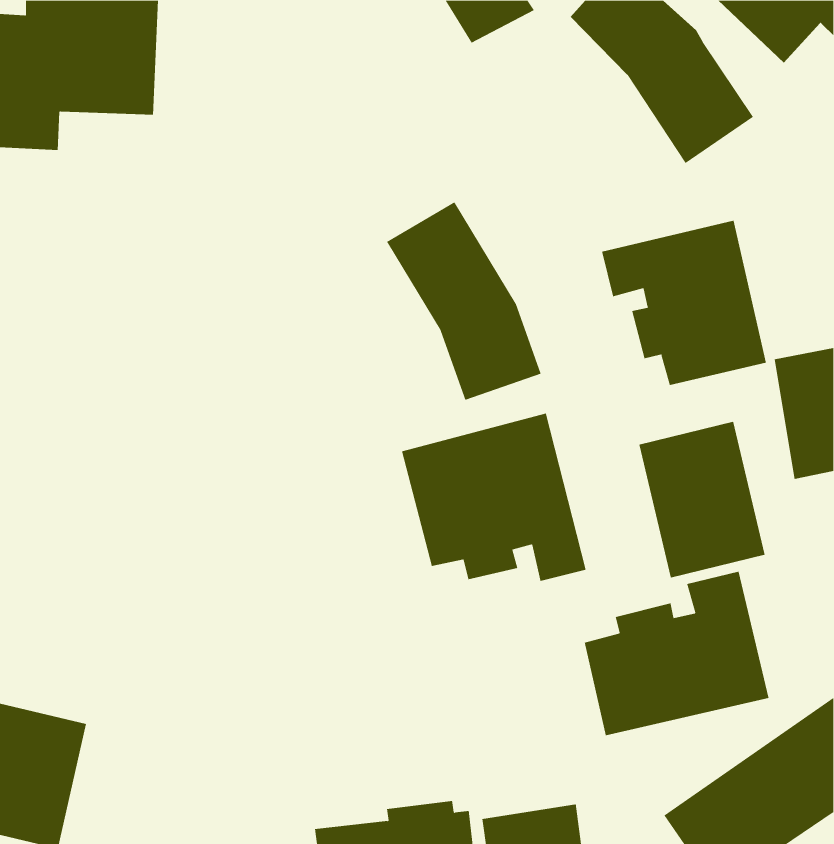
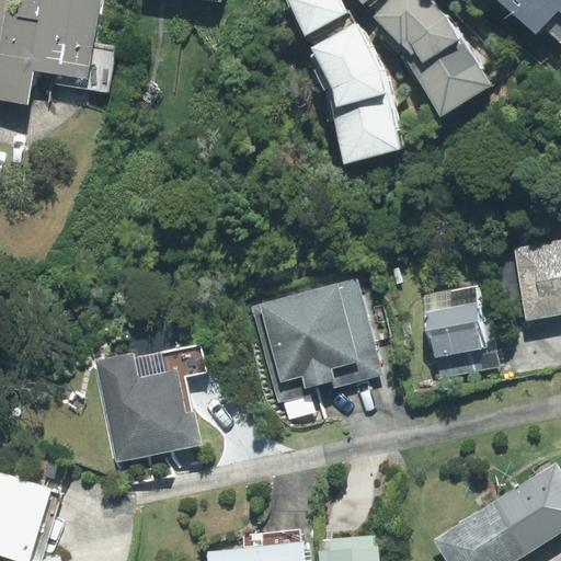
building: [386,202,542,401] -> [301,36,403,167]
building: [602,220,767,386] -> none
building: none -> [88,352,208,461]
building: [584,571,769,736] -> none

